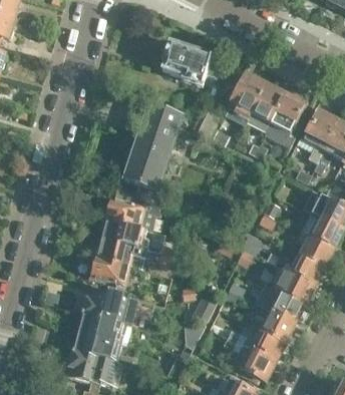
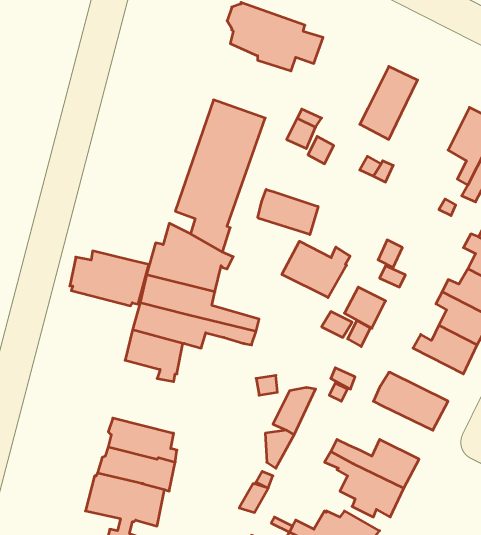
building: [226,72,265,120] -> none
building: [263,91,305,147] -> none
building: none -> [258,189,318,235]
building: none -> [282,241,350,298]
building: [266,267,314,303] -> none
building: [82,288,134,324] -> [70,251,149,306]
building: [252,306,294,341] -> none

